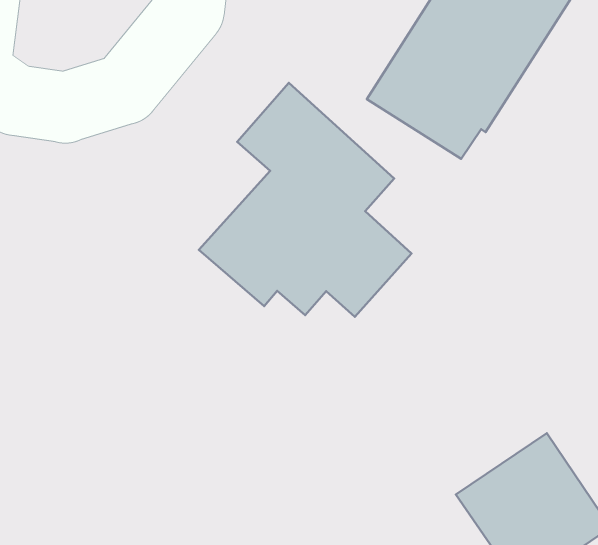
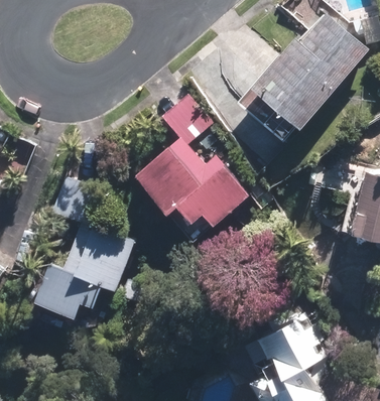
building: none -> [34,224,137,312]

